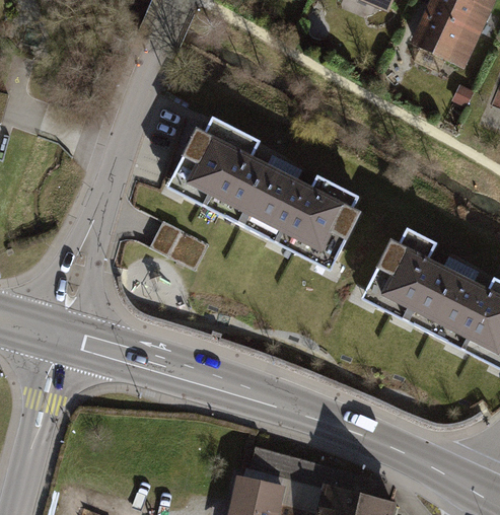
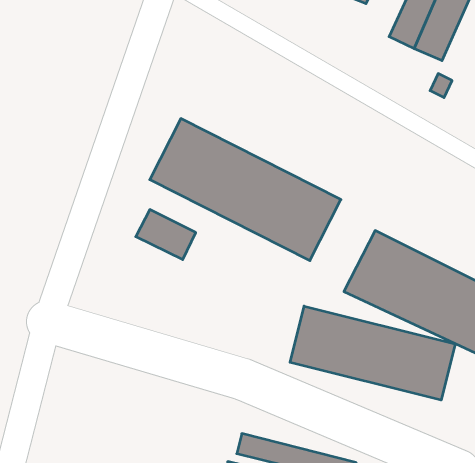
building: none -> [290,306,455,400]

